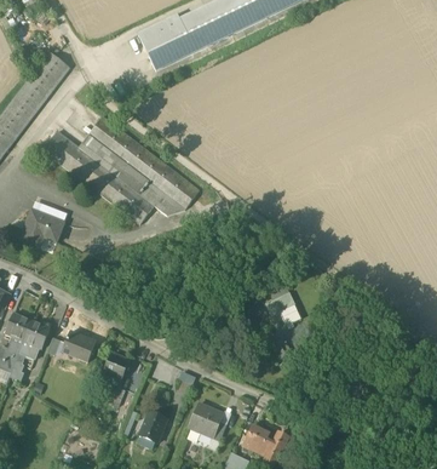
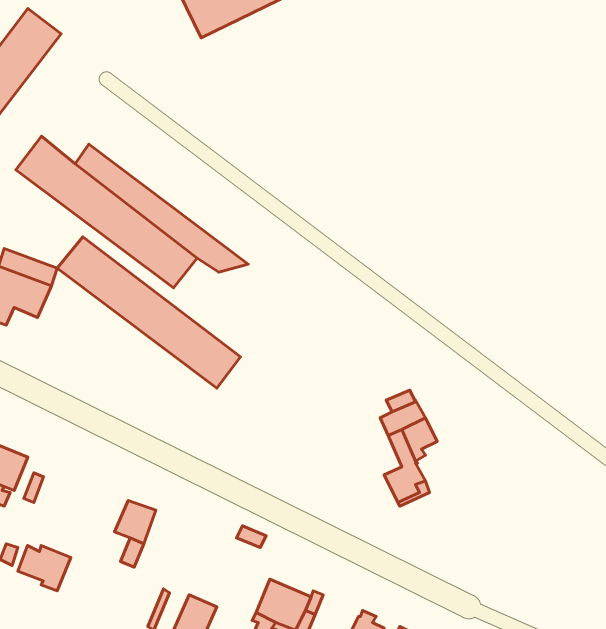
building: [87,115,200,208] -> [57,237,240,388]
building: [62,333,94,361] -> [18,546,71,591]

